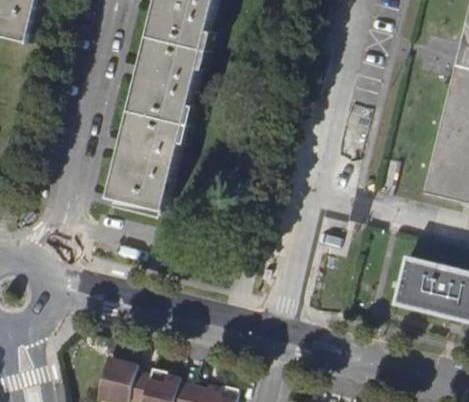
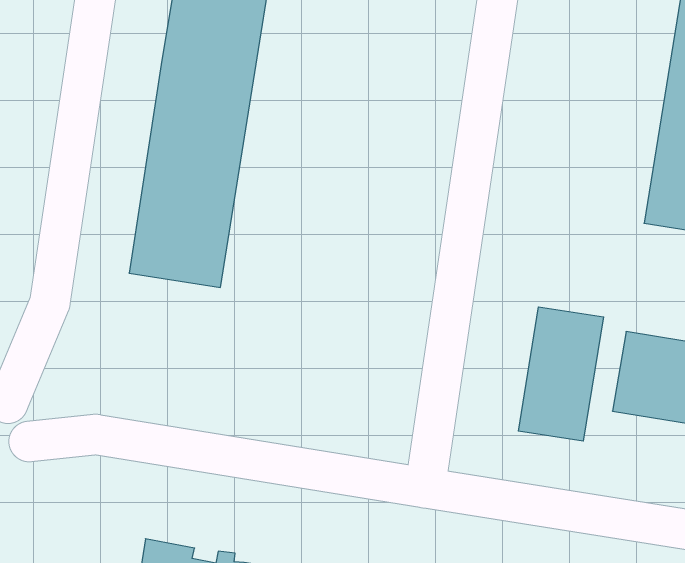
building: none -> [518,307,604,441]

